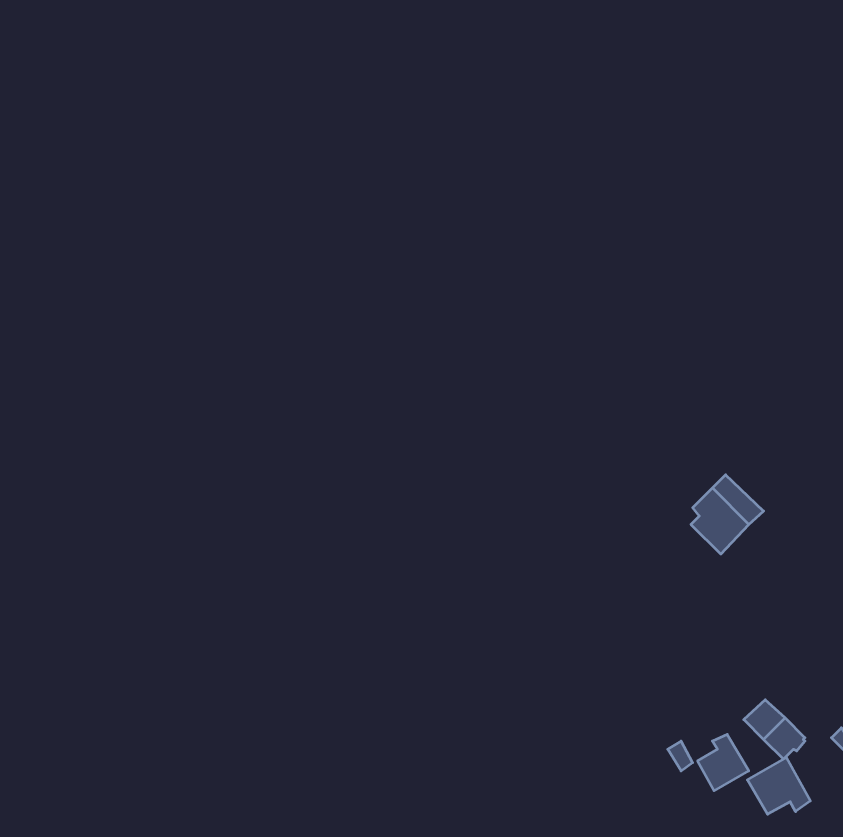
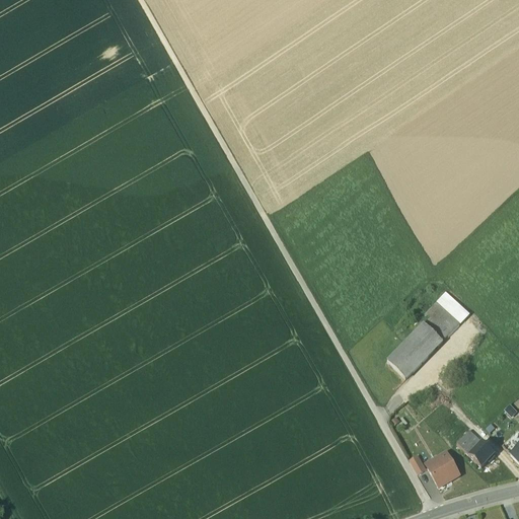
building: none -> [388,321,443,376]
building: [747,758,810,814] -> none

